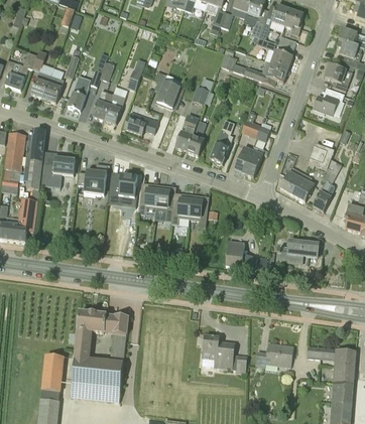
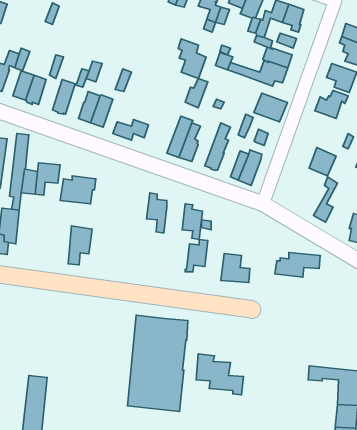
building: [153,70,179,108] -> [178,39,206,79]
building: none -> [254,93,287,122]
building: [279,166,314,201] -> none
building: [112,169,134,205] -> [68,226,92,265]
building: [137,183,158,215] -> none
building: [170,193,192,224] -> [185,239,208,272]
building: [71,311,127,401] -> [128,315,188,411]
building: [255,342,293,367] -> none

